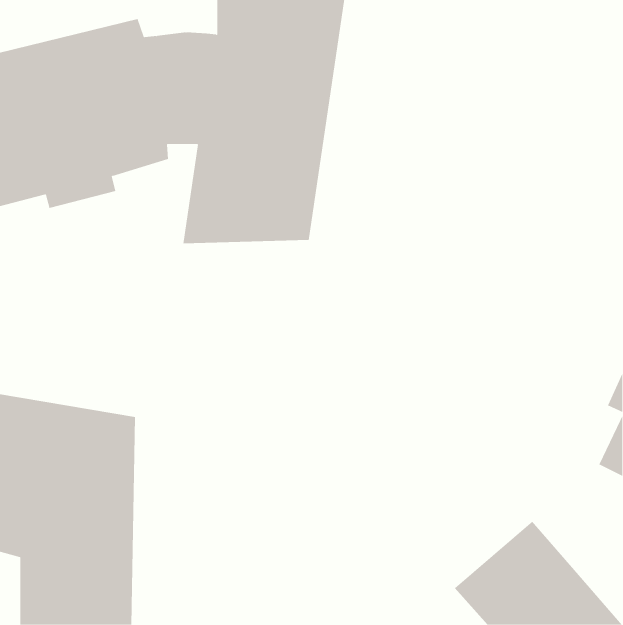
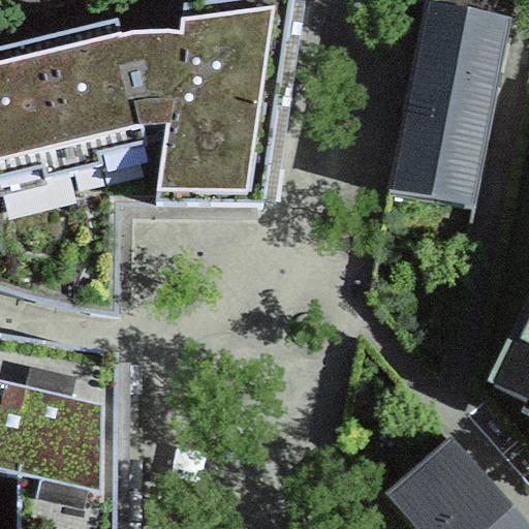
building: none -> [387,5,509,209]

